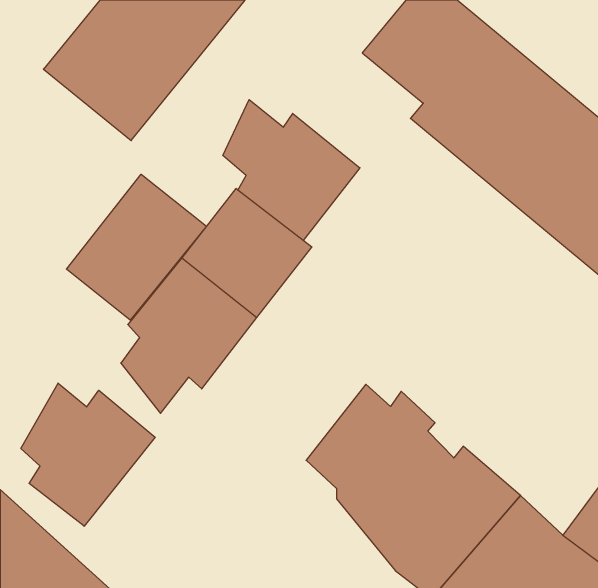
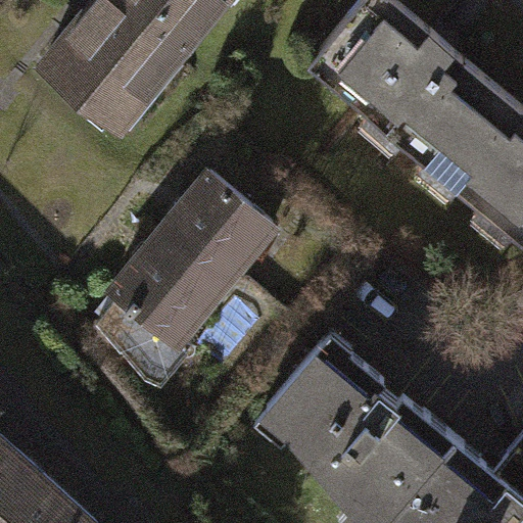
building: [223,100,360,240] -> none
building: [66,174,206,320] -> none
building: [21,383,155,526] -> none

